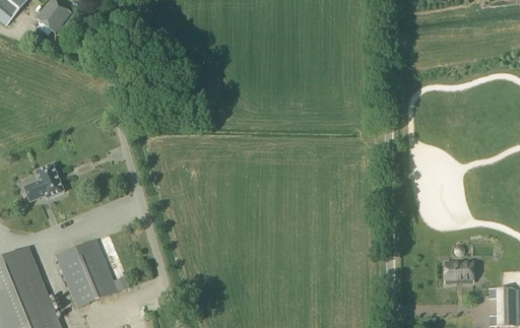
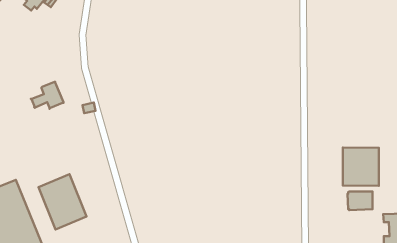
building: [23,165,64,198] -> [31,82,63,109]
building: none -> [343,148,379,186]

